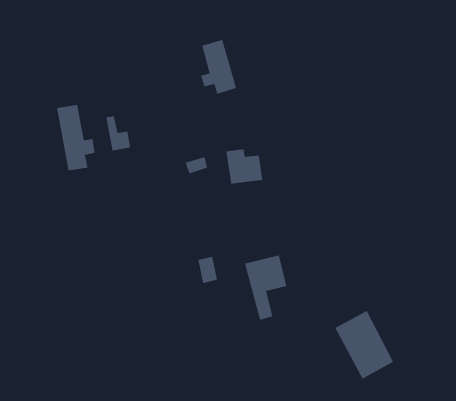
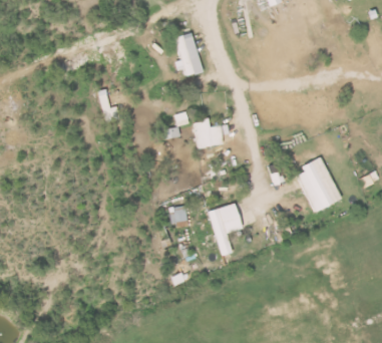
building: [56,104,95,171] -> none
building: [334,310,394,379] -> [295,157,342,213]

